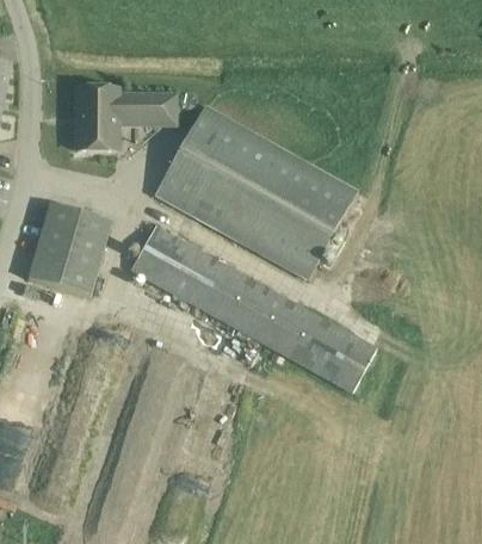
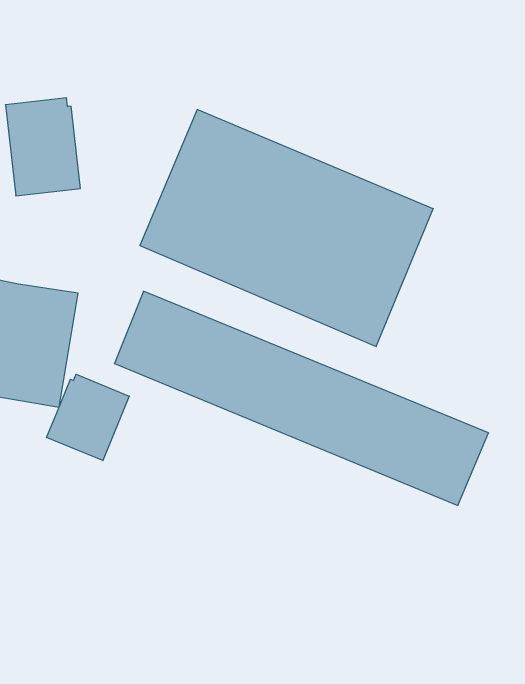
building: [120,94,178,126] -> none
building: none -> [47,374,129,461]

